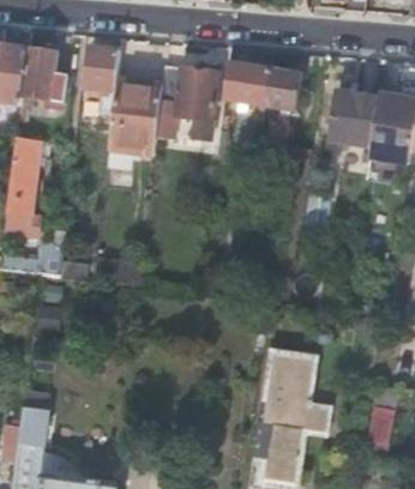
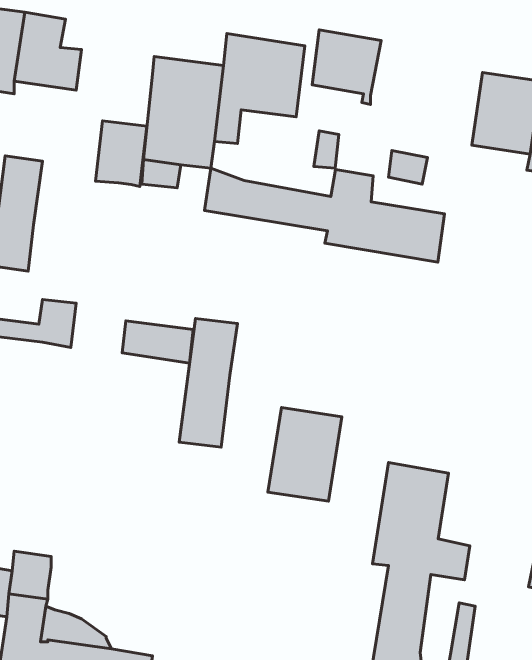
building: [85,48,120,92] -> [96,121,147,186]
building: [263,70,303,114] -> none
building: none -> [204,168,445,262]
building: none -> [179,318,237,447]
building: none -> [268,408,342,501]

